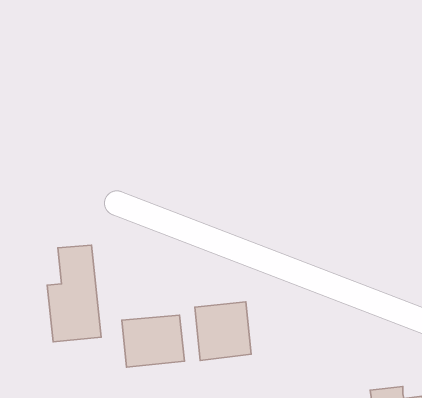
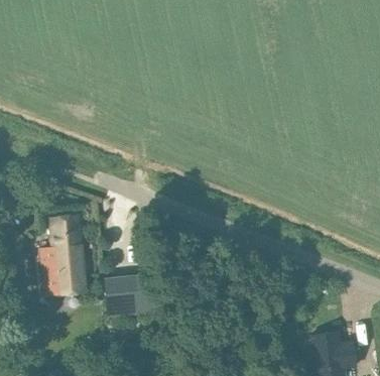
building: [195,302,251,361] -> none

